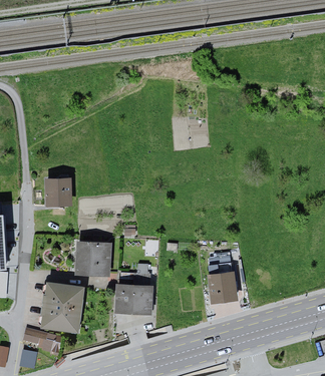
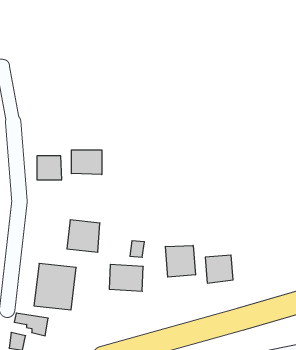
building: none -> [71,150,102,175]
building: none -> [165,245,195,277]

